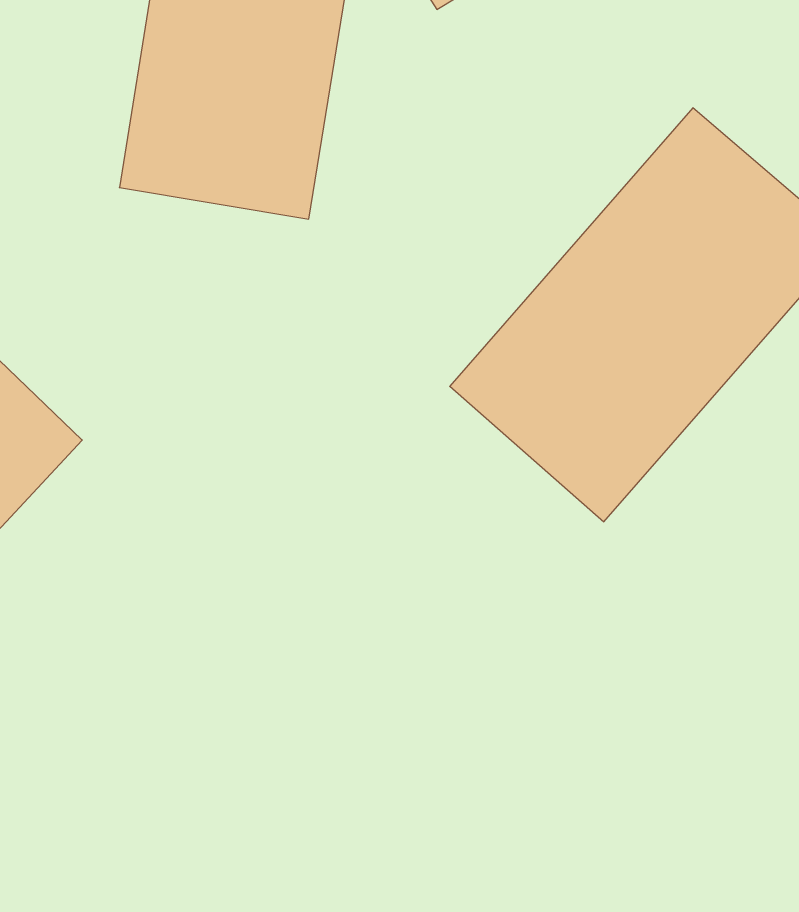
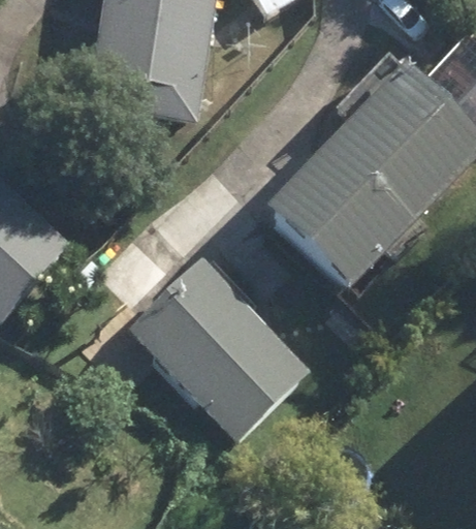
building: none -> [125,257,310,443]

